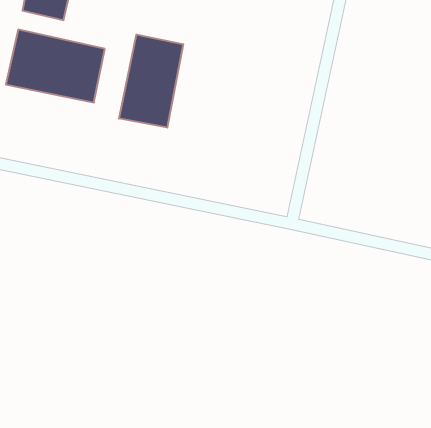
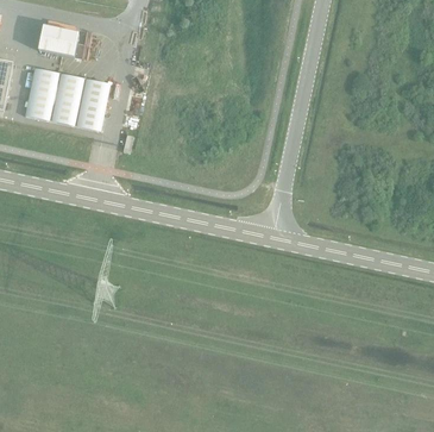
building: [119,35,183,128] -> none

